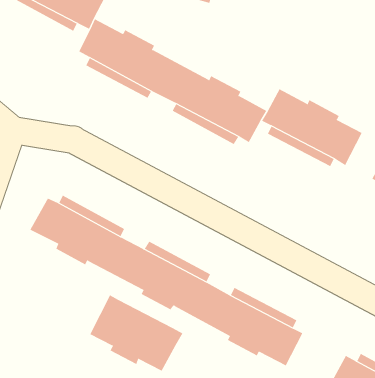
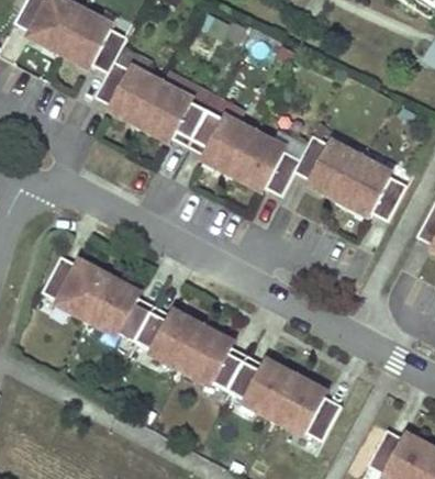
building: [89,295,183,372] -> none

